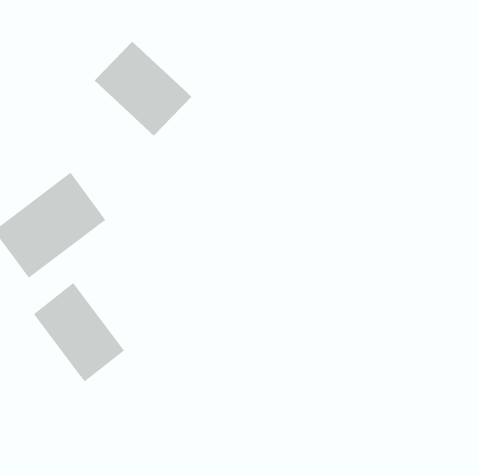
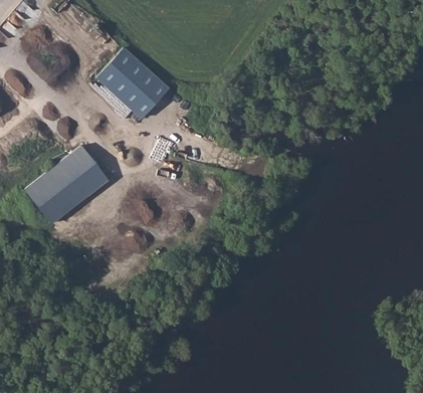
building: [33,282,125,382] -> none

